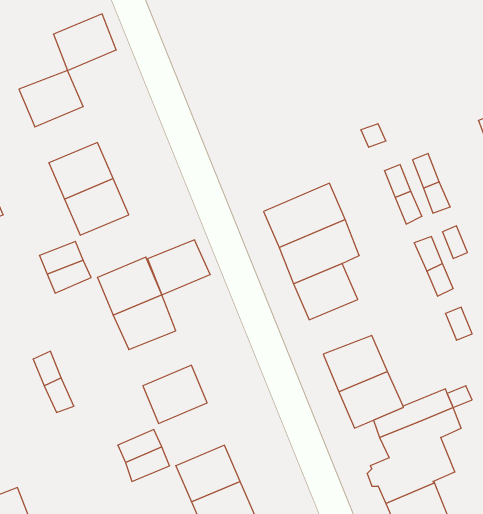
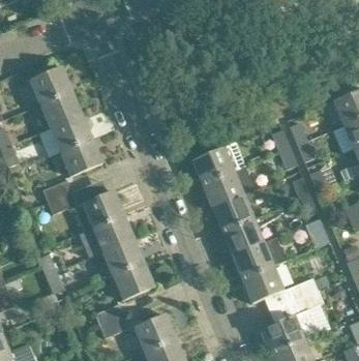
building: [53,14,116,70] -> [40,91,82,128]
building: [148,240,210,295] -> [102,239,144,275]
building: none -> [221,218,263,254]

